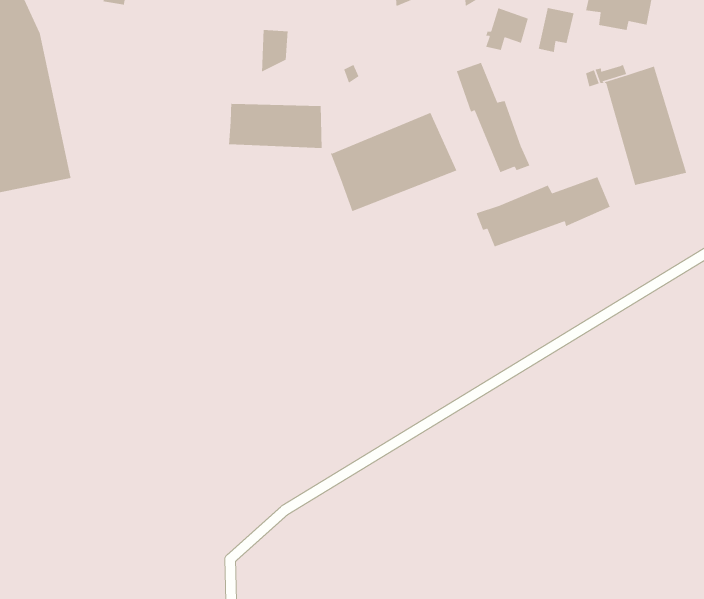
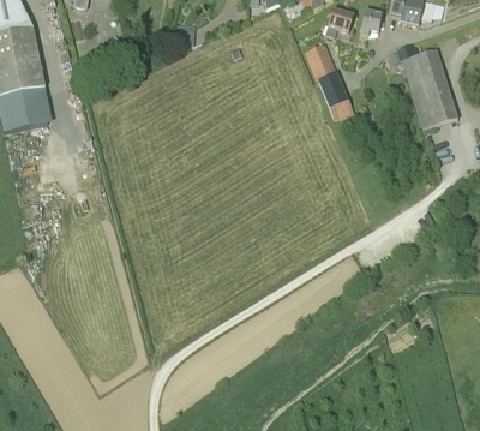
building: [228,102,322,149] -> none
building: [329,112,457,212] -> none
building: [475,176,611,248] -> none

